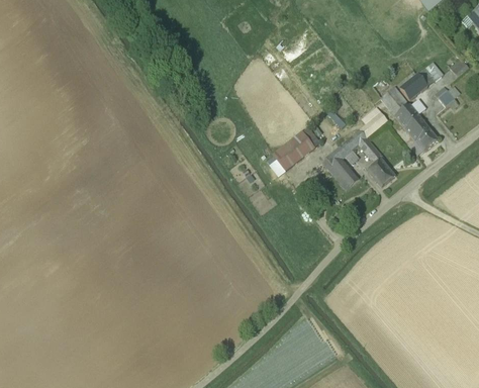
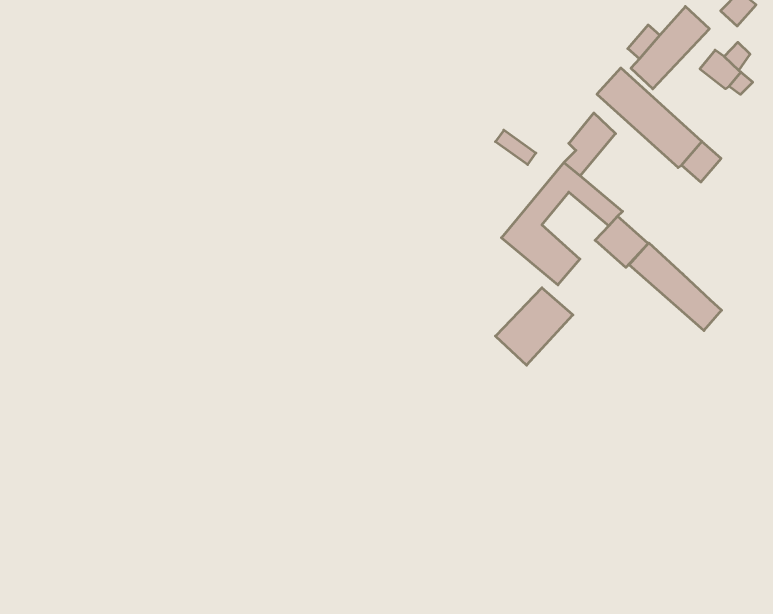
building: [278,134,318,172] -> [495,288,573,365]
building: none -> [629,243,722,331]

